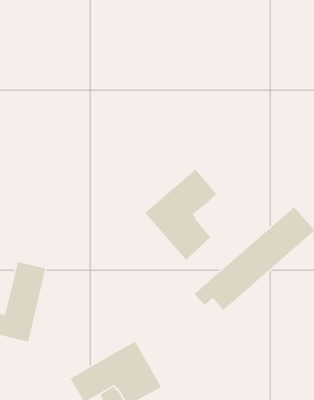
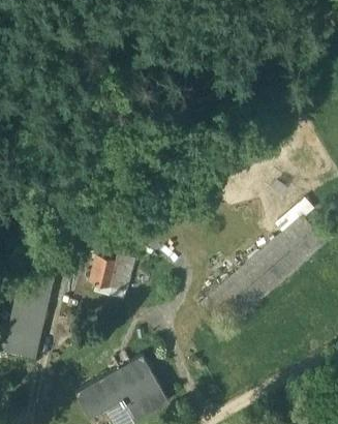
building: [144,168,217,261] -> none
building: none -> [91,250,134,292]

